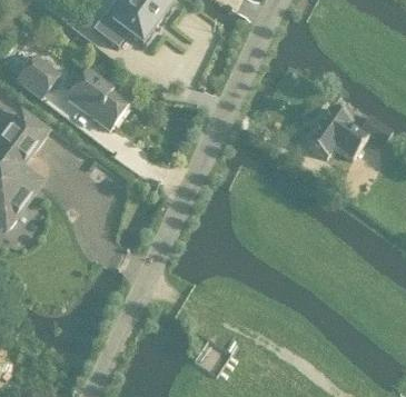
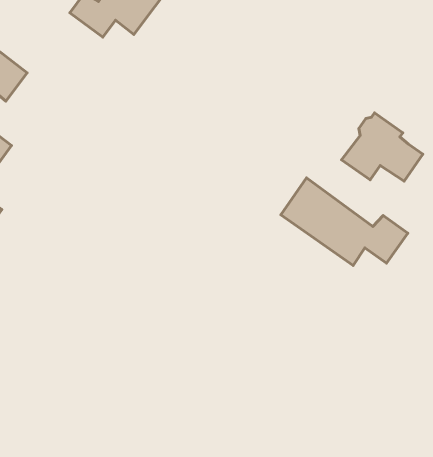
building: [67,70,129,128] -> none
building: none -> [281,178,408,265]

